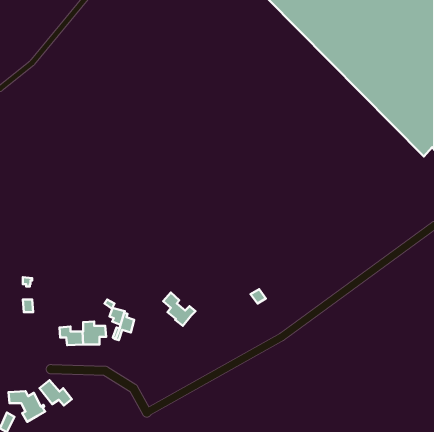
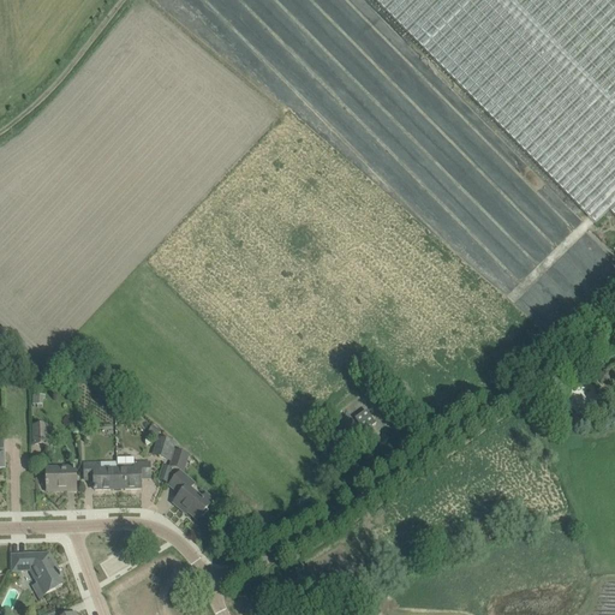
building: [163,293,195,326] -> [169,471,215,518]
building: none -> [46,465,76,489]
building: [39,380,72,406] -> none

